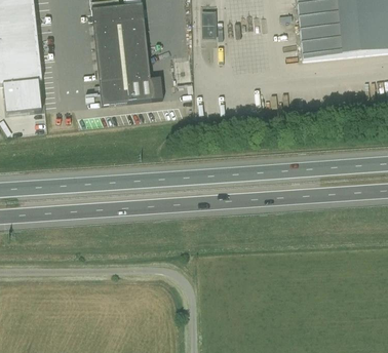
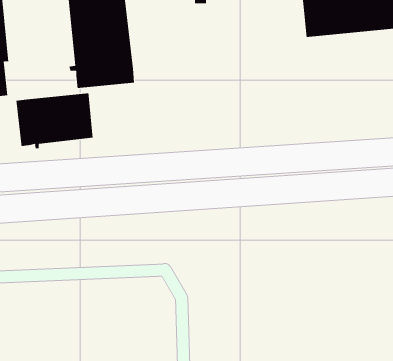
building: none -> [16,92,93,149]

